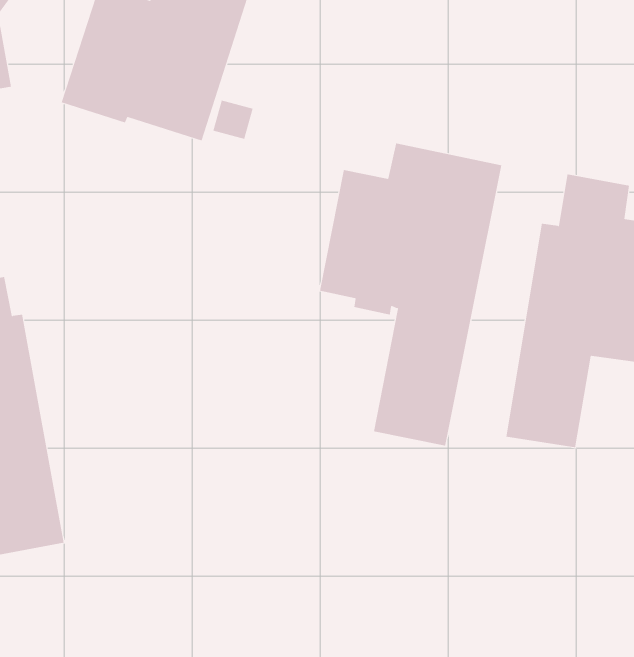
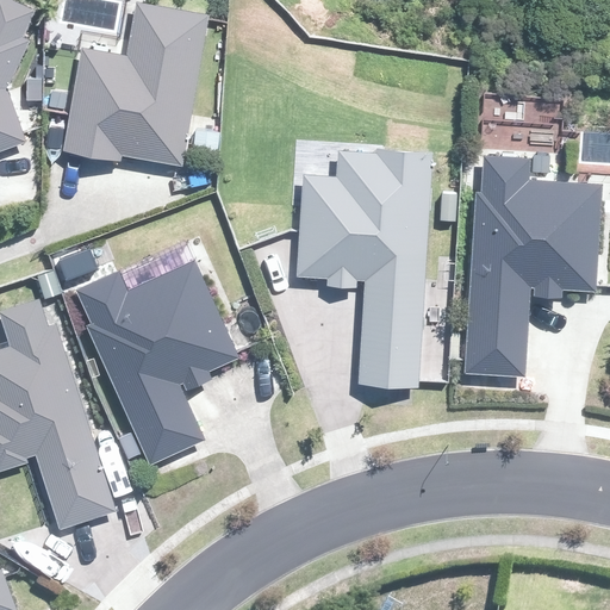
building: none -> [49,236,239,465]

